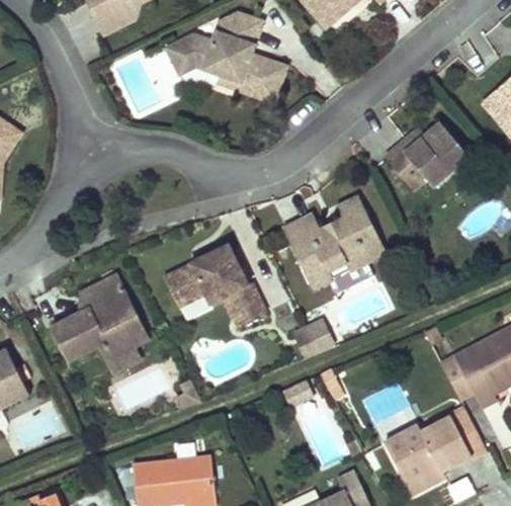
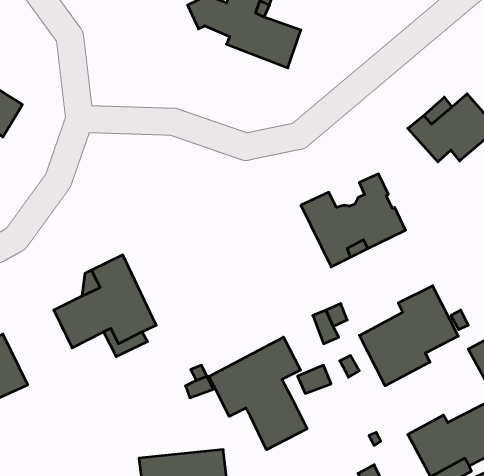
building: [163,244,264,324] -> none
building: none -> [359,286,458,386]
building: none -> [209,337,307,450]

